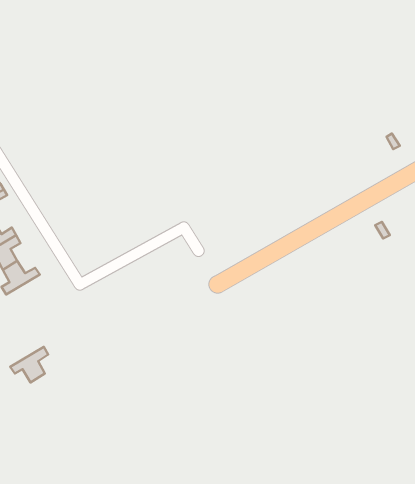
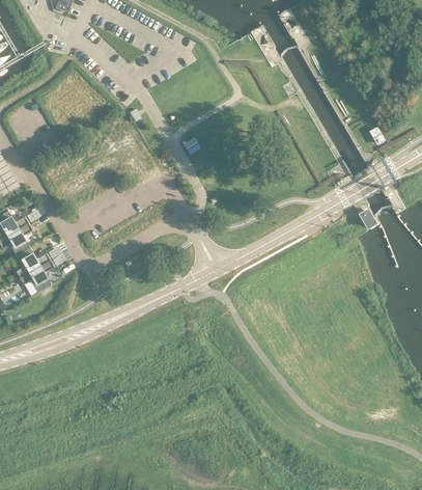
building: [10,347,48,383] -> [18,258,53,292]

